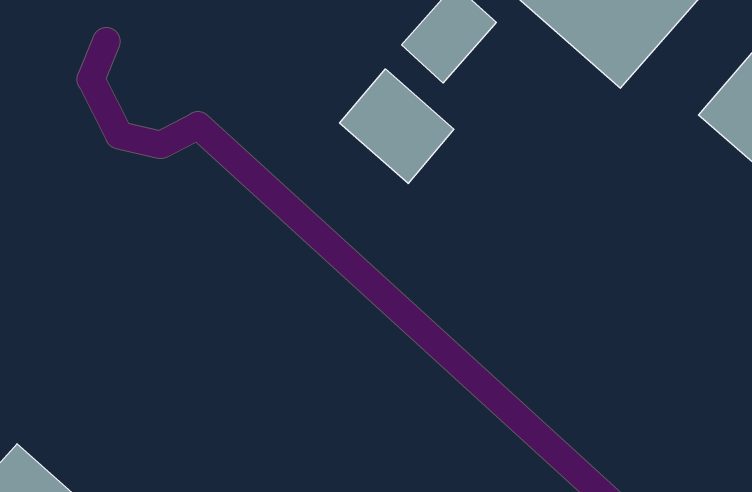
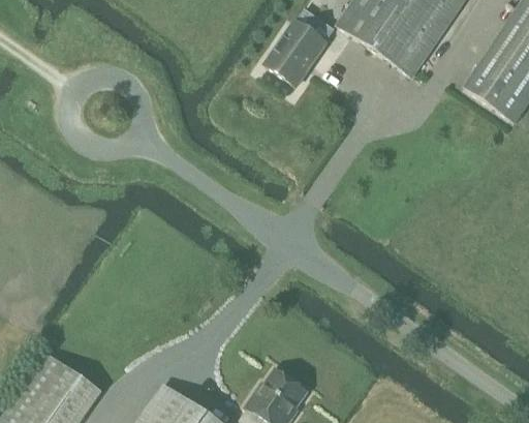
building: [340,69,454,184] -> none

